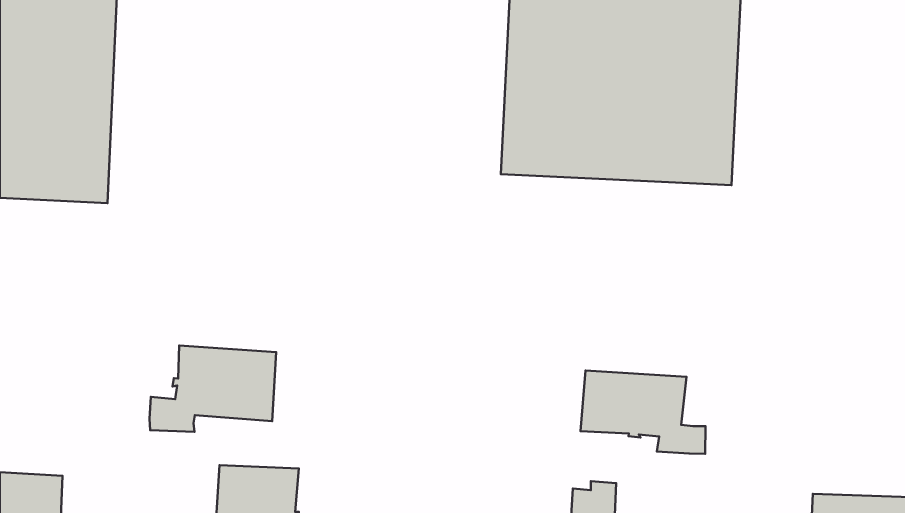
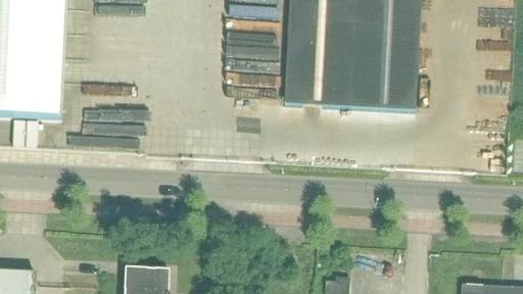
building: [150,345,276,432] -> none
building: [580,370,705,454] -> none

